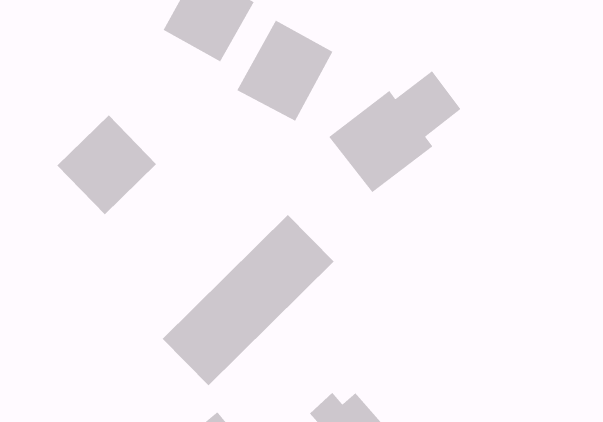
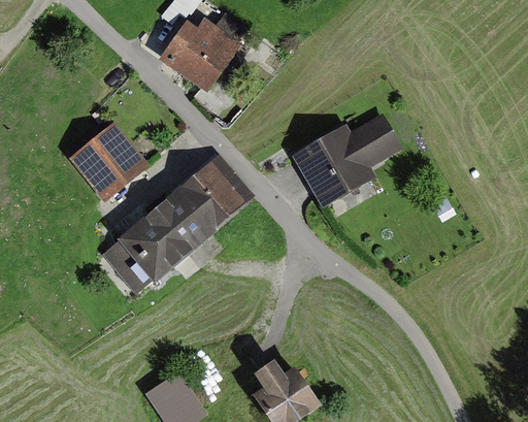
building: [236,20,334,122] -> none
building: [162,214,335,386] -> [105,158,252,291]

